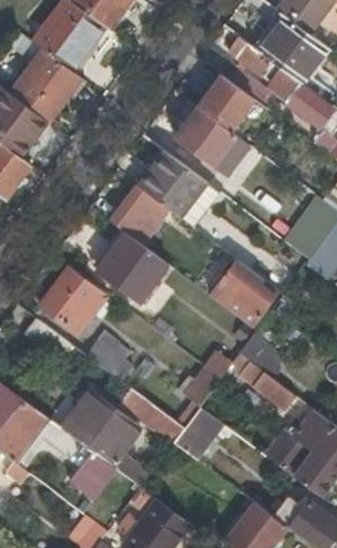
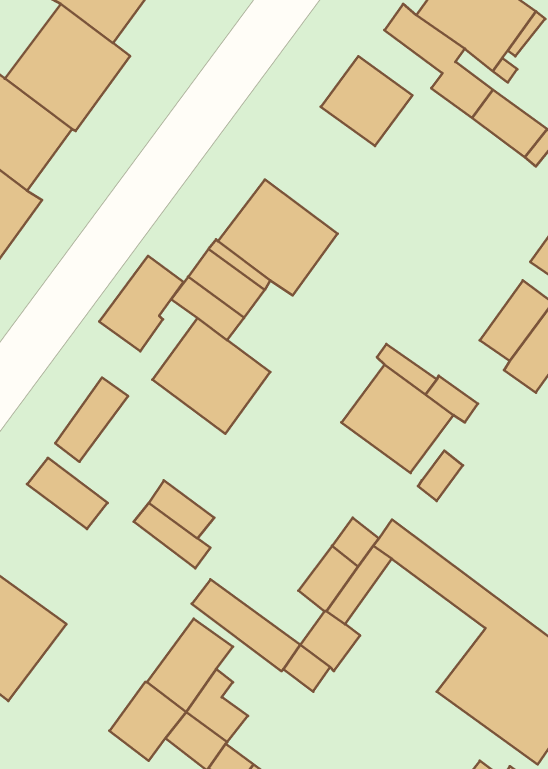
building: [177,103,237,169] -> none
building: [53,280,103,337] -> [99,256,183,351]
building: [61,389,121,449] -> none

